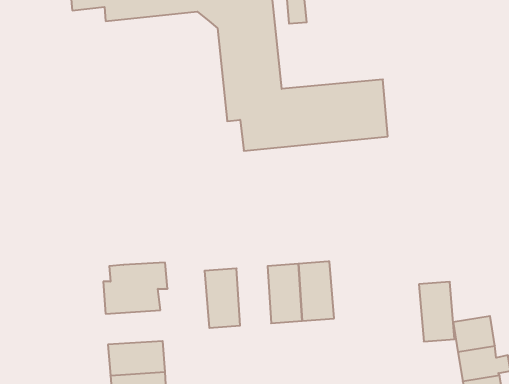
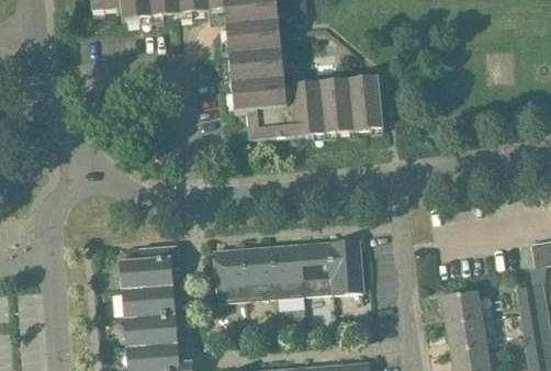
building: none -> [244,247,276,302]
building: [419,282,455,341] -> [329,240,362,295]
building: none -> [123,288,176,319]

